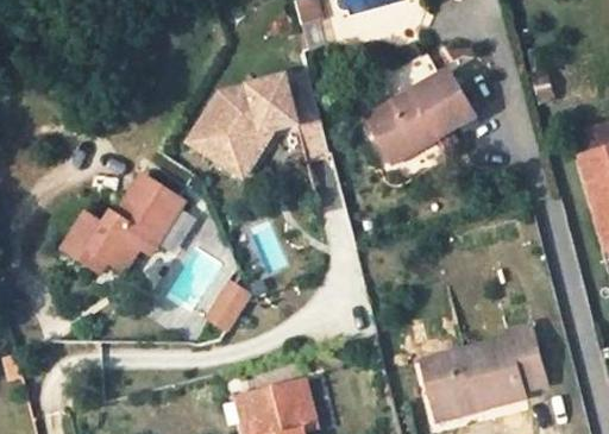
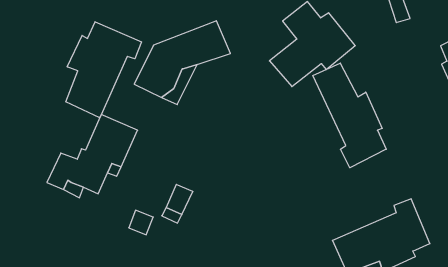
building: none -> [66,22,141,118]
building: none -> [313,63,386,168]

